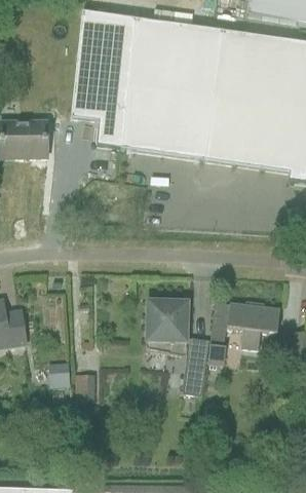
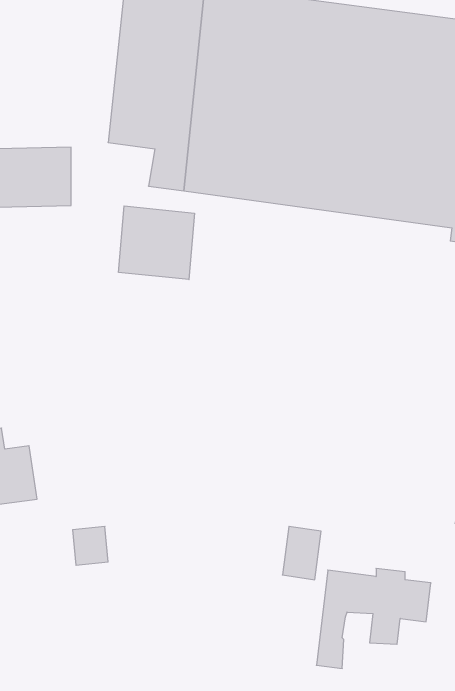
building: none -> [119,206,194,280]
building: [146,300,188,356] -> none
building: [207,300,280,364] -> [316,568,431,668]

